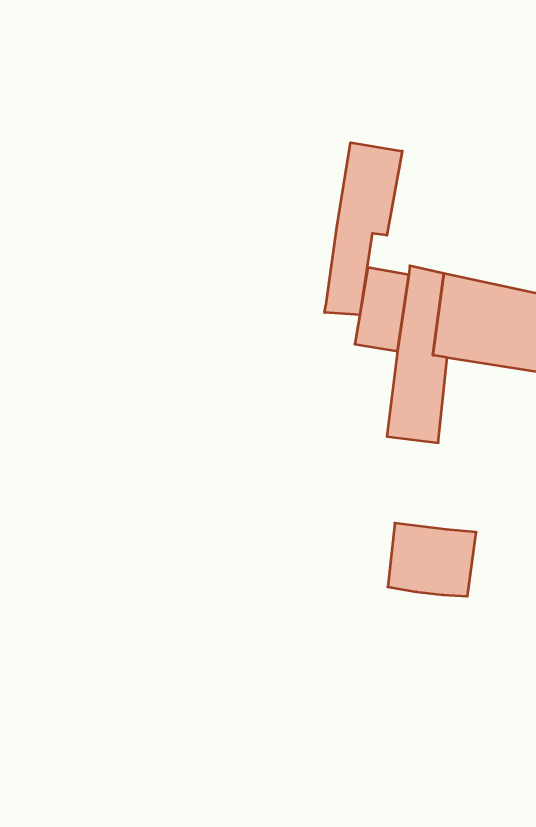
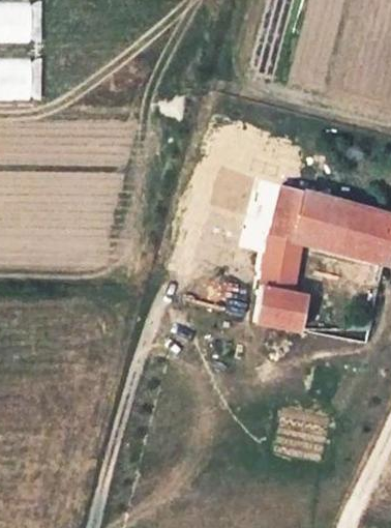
building: [325,143,402,315] -> none
building: [388,523,476,596] -> [255,285,310,331]

